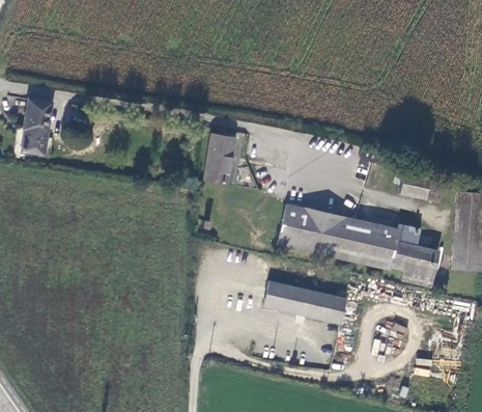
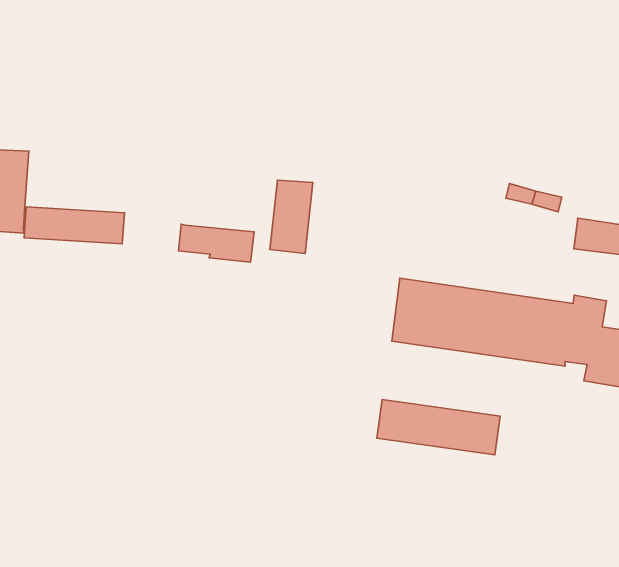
building: none -> [24,207,124,244]
building: none -> [178,224,254,262]

